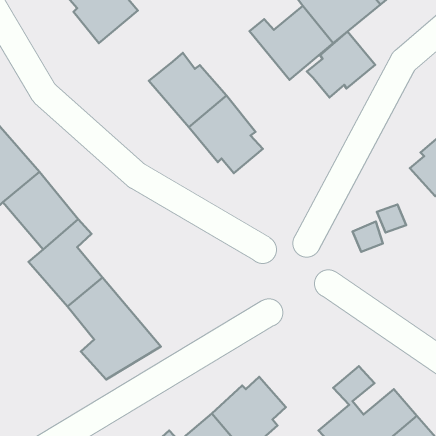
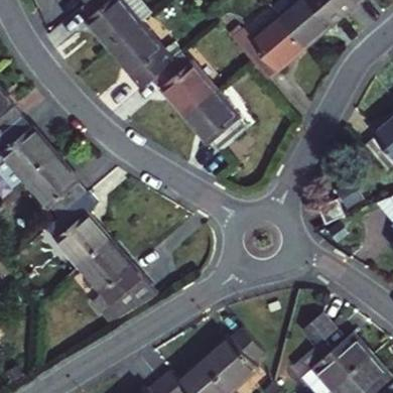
building: none -> [107,20,168,86]
building: [307,31,375,98] -> none

